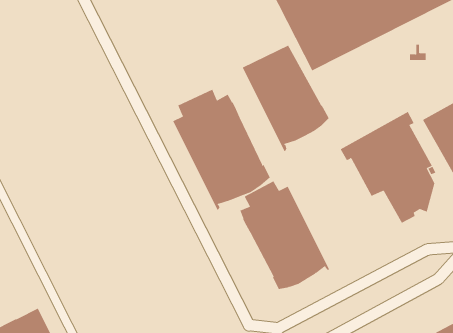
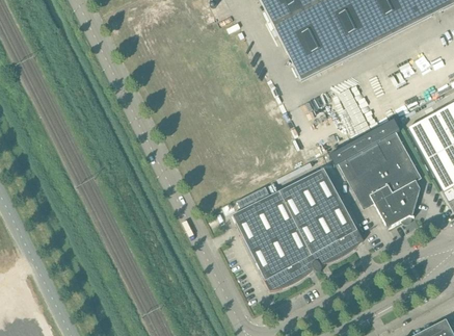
building: [242,45,329,152] -> [278,169,363,272]
building: [172,89,270,211] -> none

